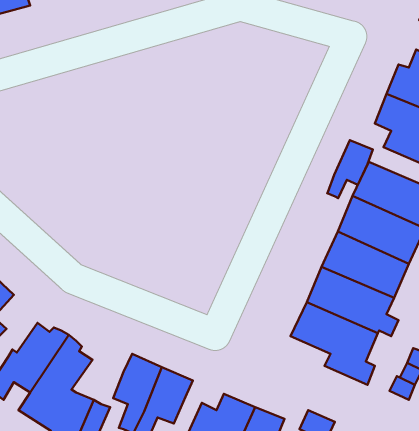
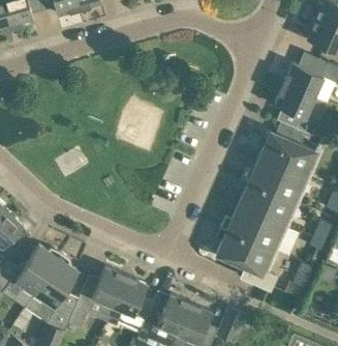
building: [327,140,373,198] -> none

